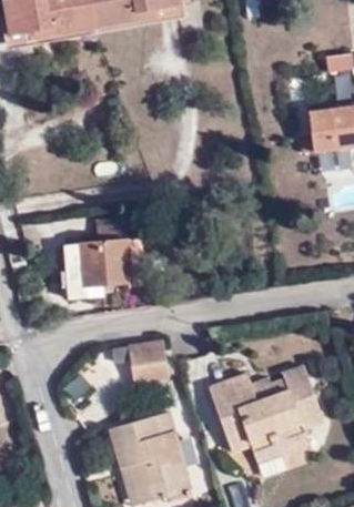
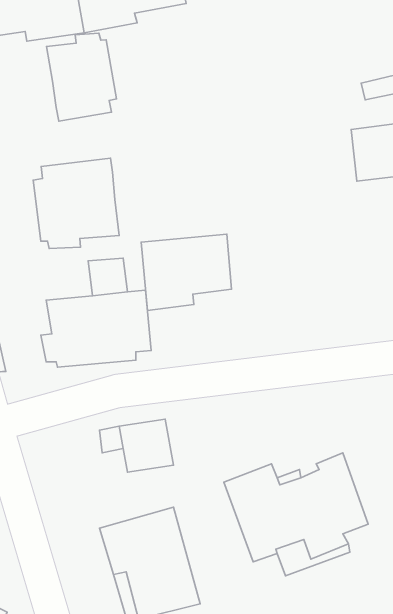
building: none -> [46,33,116,121]
building: none -> [33,158,119,248]
building: none -> [141,234,231,310]

